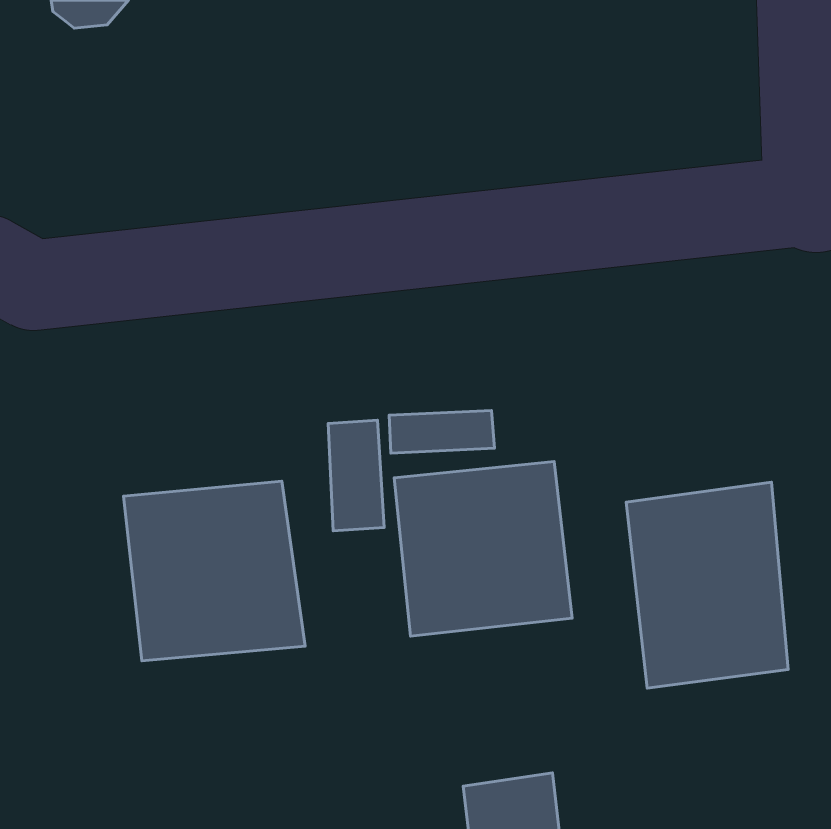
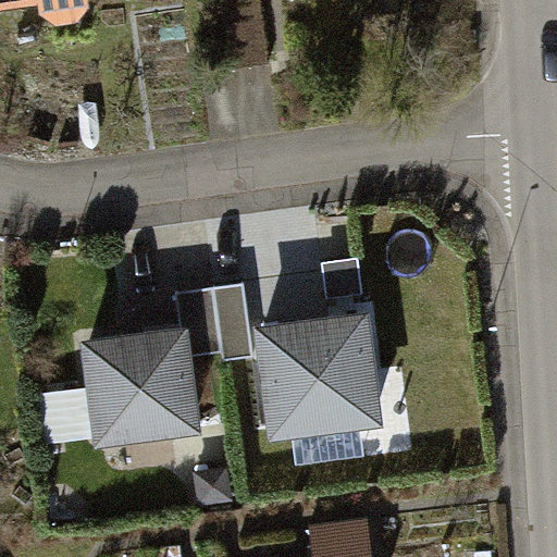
building: [626,482,788,688] -> none

